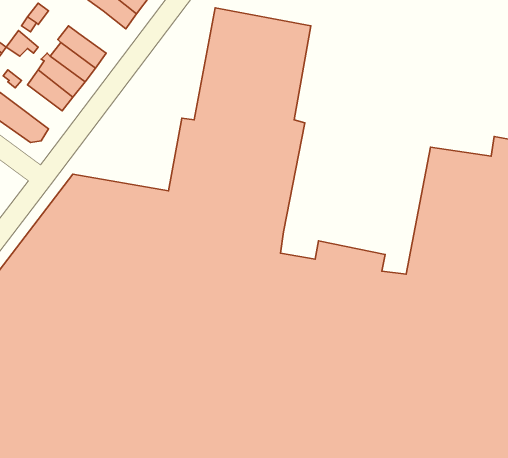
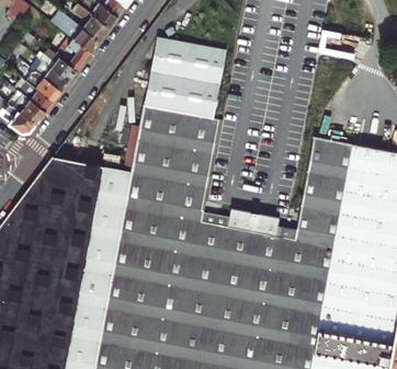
building: none -> [58,39,92,70]
building: none -> [10,92,46,125]

